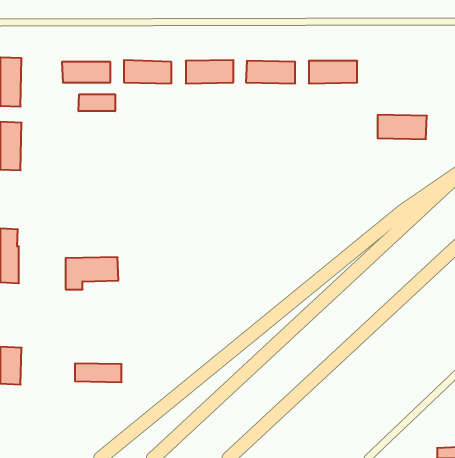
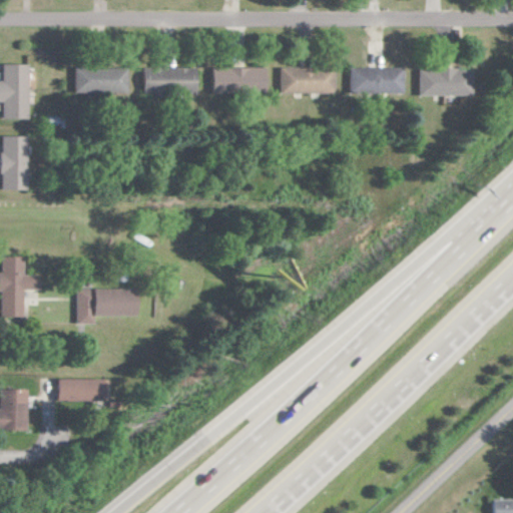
building: [79,94,115,111] -> none
building: [378,115,427,139] -> [418,69,473,96]
building: [75,363,122,382] -> [58,379,110,400]

